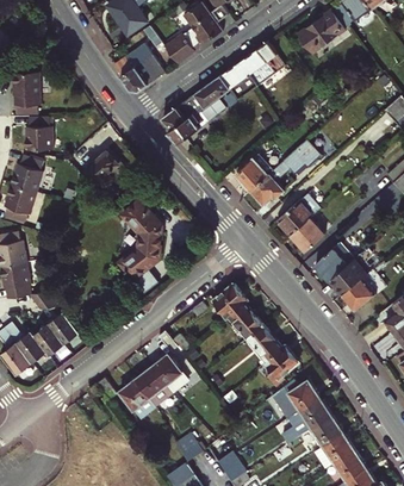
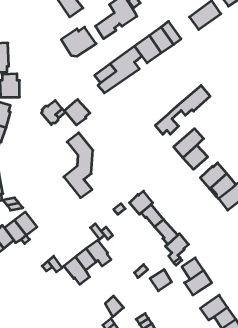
building: none -> [64,99,90,125]
building: [234,154,271,189] -> none
building: [310,415,341,446] -> [150,269,172,291]

